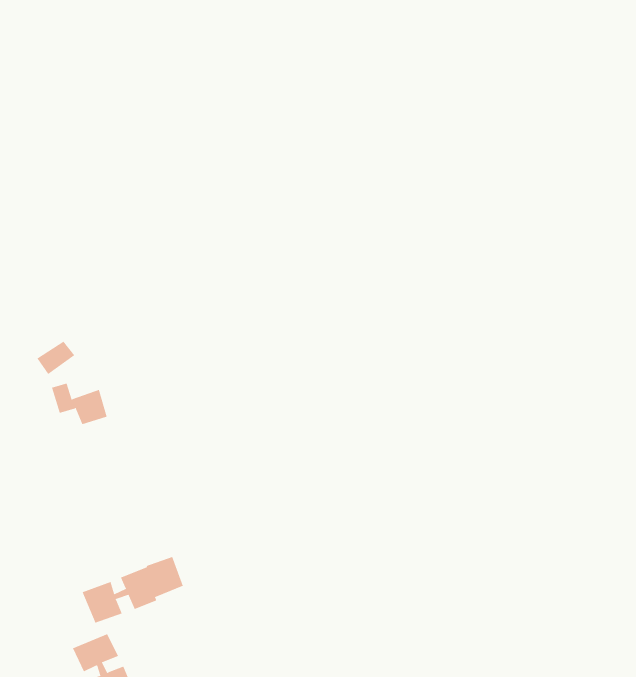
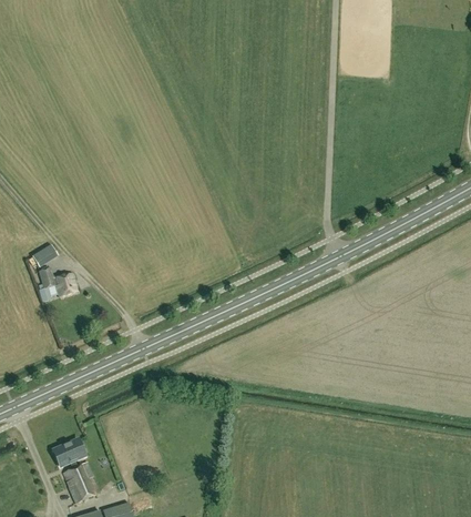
building: [82,556,183,623] -> none

